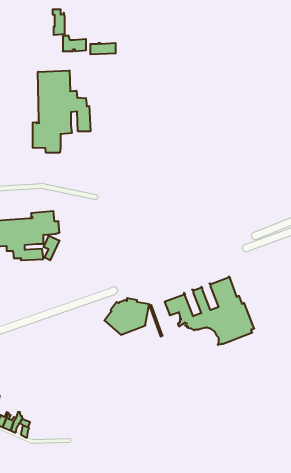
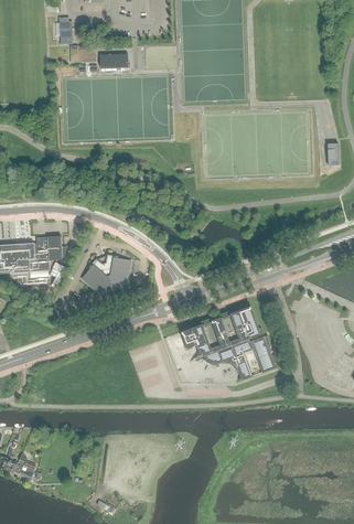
building: [33,70,90,153] -> none
building: [104,298,149,335] -> [83,254,131,293]

